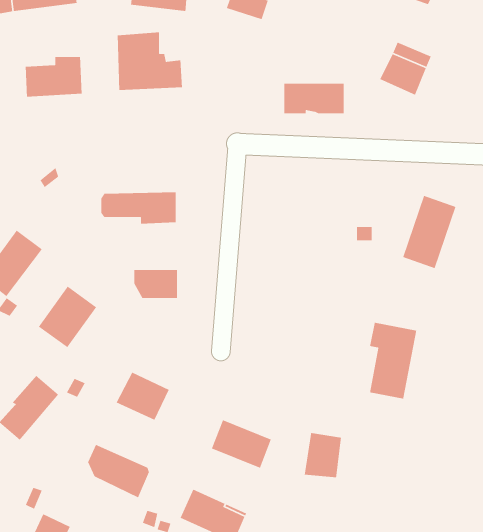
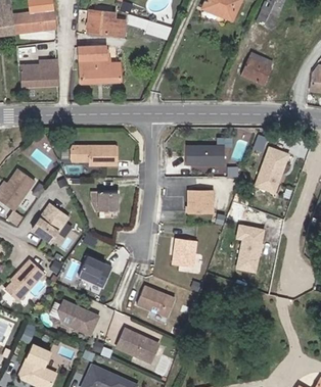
building: [284,83,345,114] -> [185,146,223,165]
building: none -> [187,191,212,213]
building: [304,432,342,478] -> [173,238,196,267]

